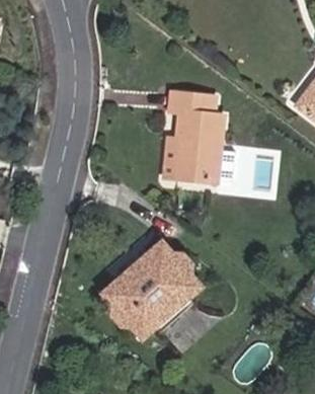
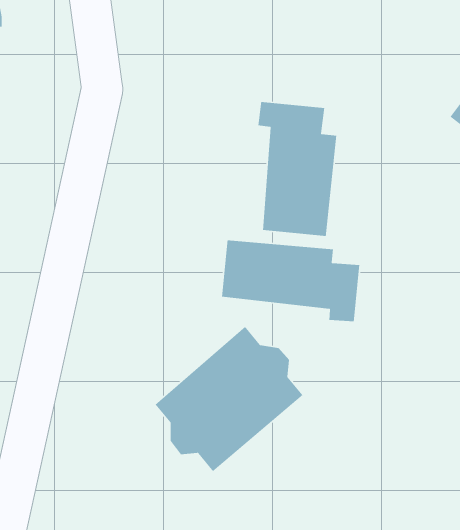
building: none -> [221,240,360,322]

